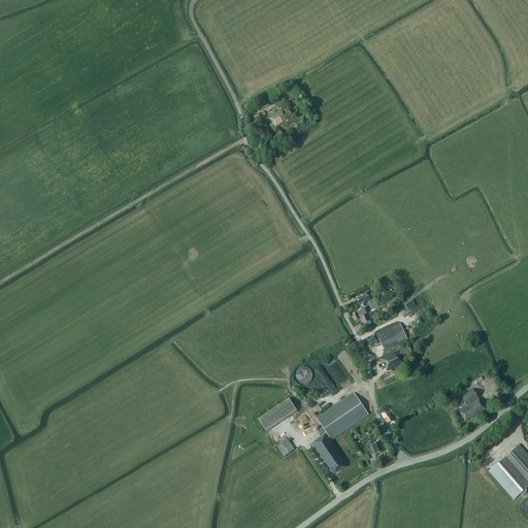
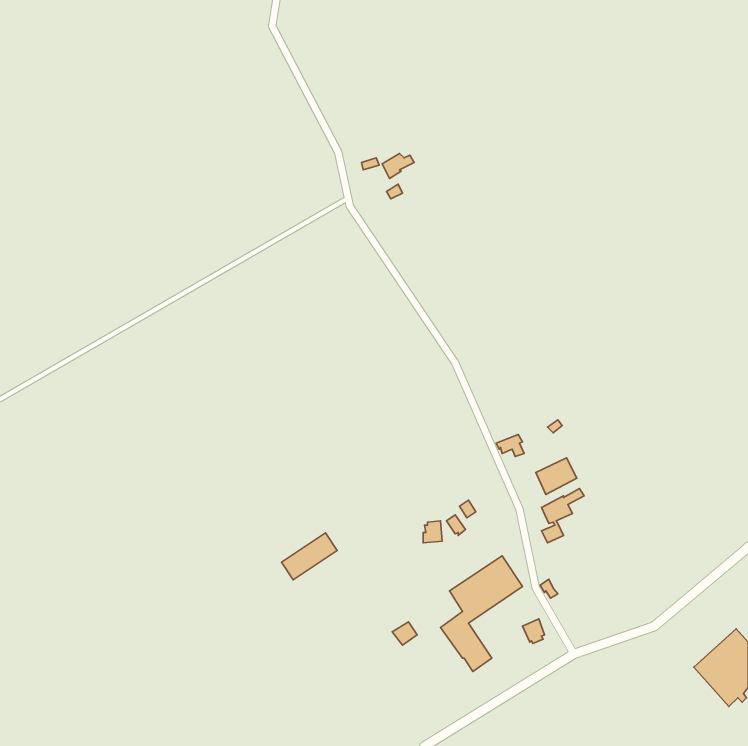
building: [458,389,486,421] -> none
building: [258,397,297,430] -> [282,533,337,580]

